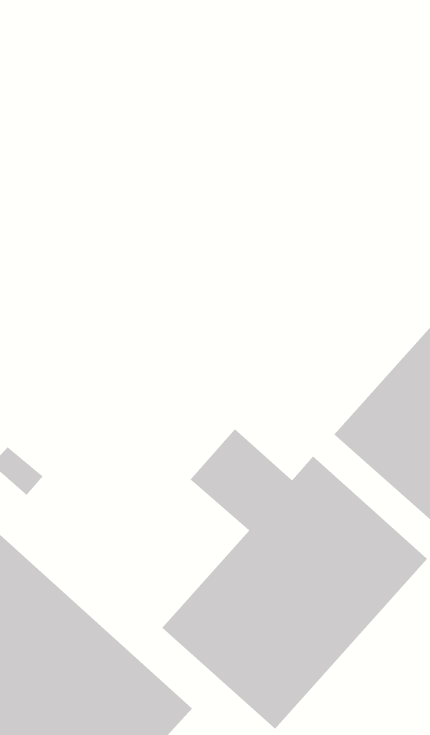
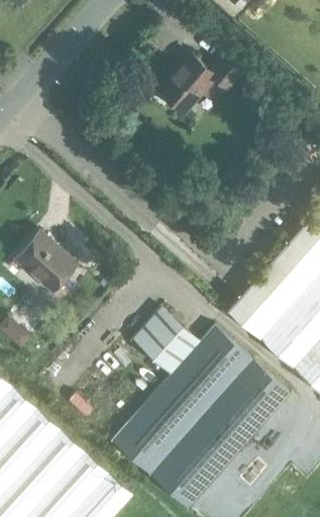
building: none -> [157,53,246,116]
building: none -> [16,233,77,293]

